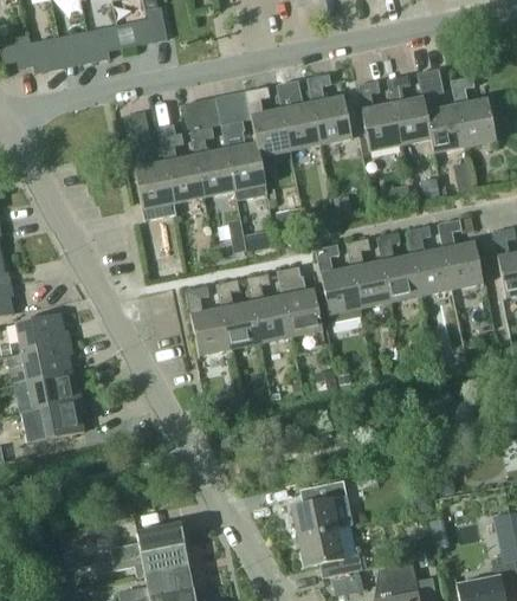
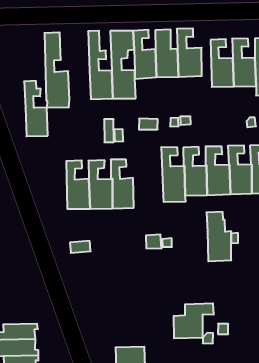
building: [157,123,203,202] -> [24,81,48,136]
building: [276,265,322,337] -> [206,212,231,261]
building: [292,478,348,536] -> [174,303,214,338]

